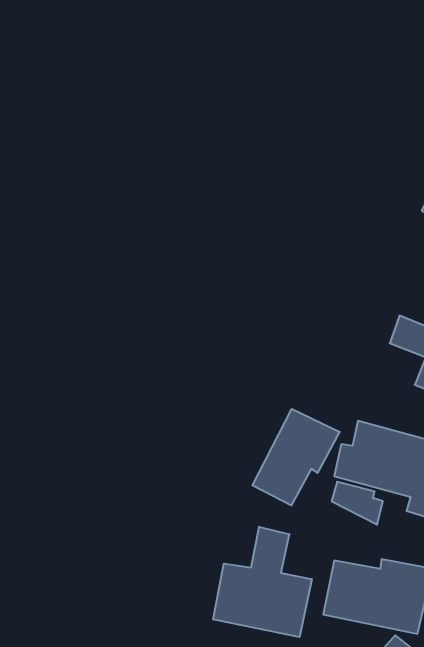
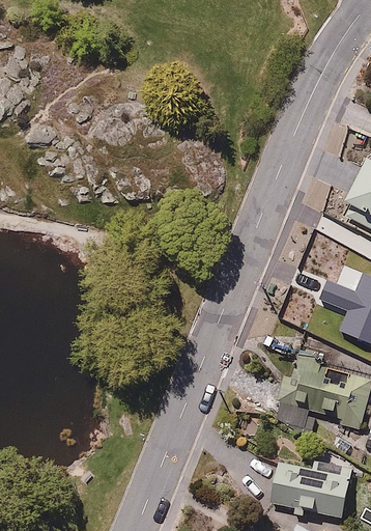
building: [252,409,340,505] -> none
building: [213,527,312,637] -> none

